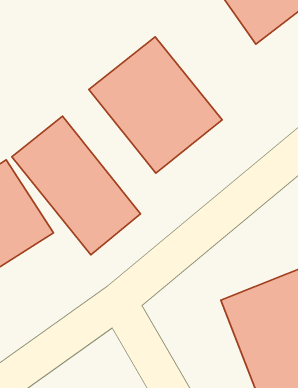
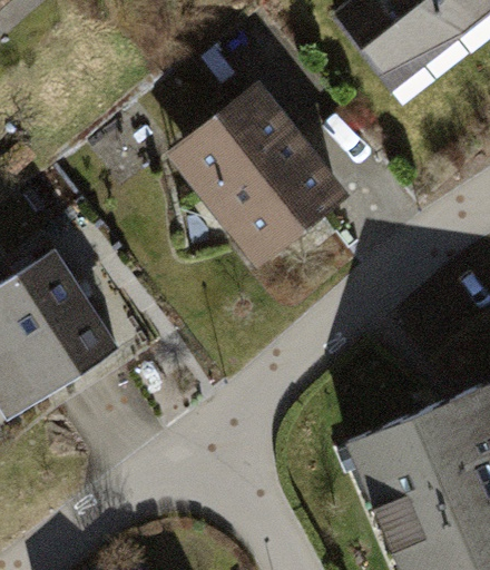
building: [12,116,140,255] -> none

